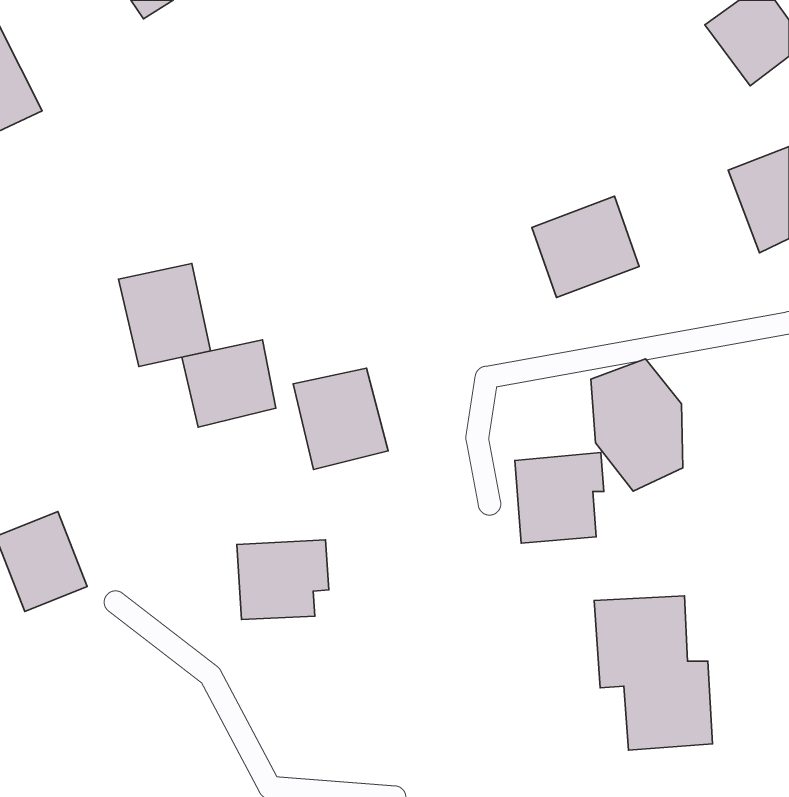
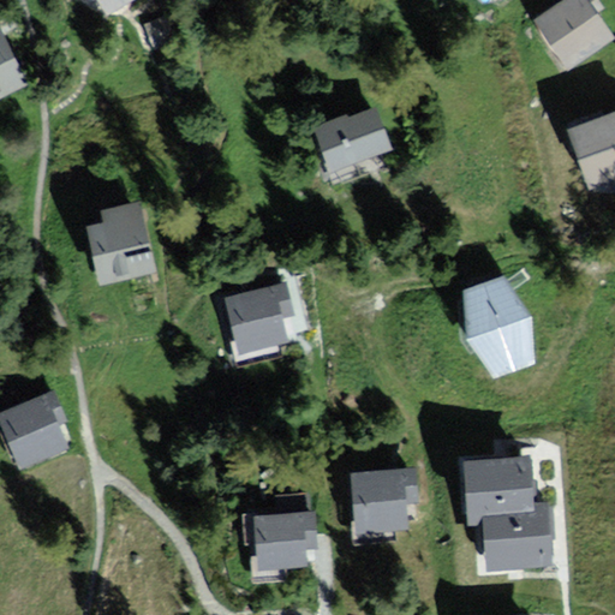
building: [532,196,639,298] -> [316,97,399,175]
building: [182,340,276,427] -> none
building: [515,453,604,543] -> [353,464,422,533]
building: [237,540,329,619] -> [250,507,321,568]

